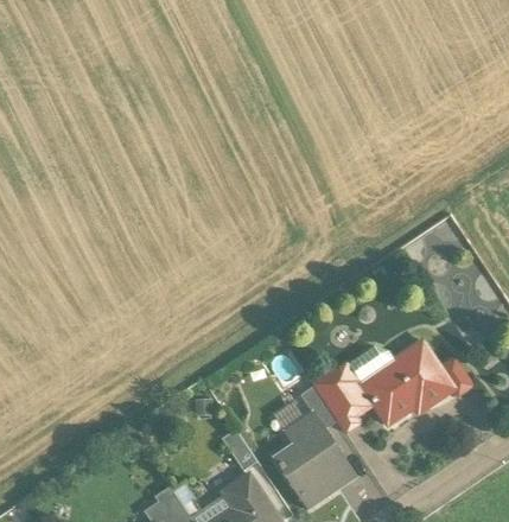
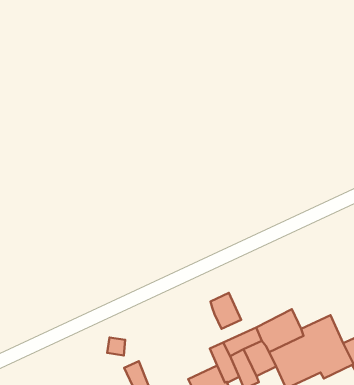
building: none -> [210,293,241,329]

